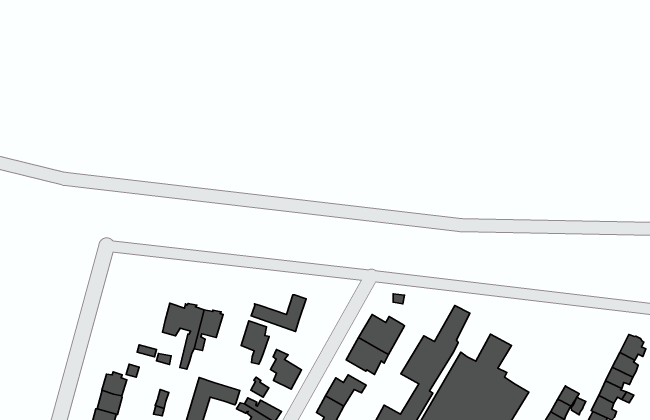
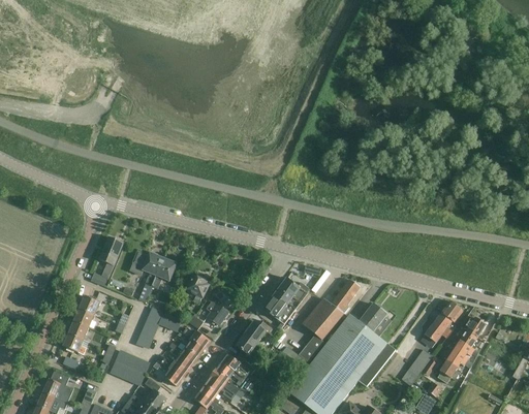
building: none -> [91,236,122,285]
building: [251,295,306,331] -> none
building: none -> [425,300,463,342]

